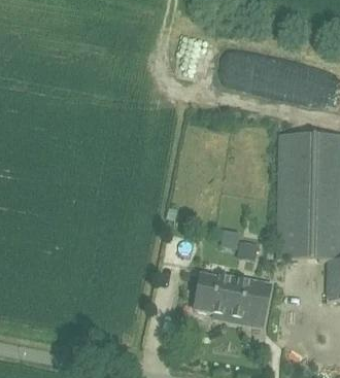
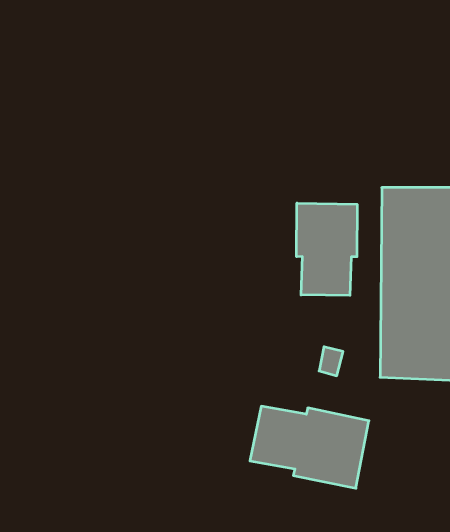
building: none -> [297,203,357,295]

